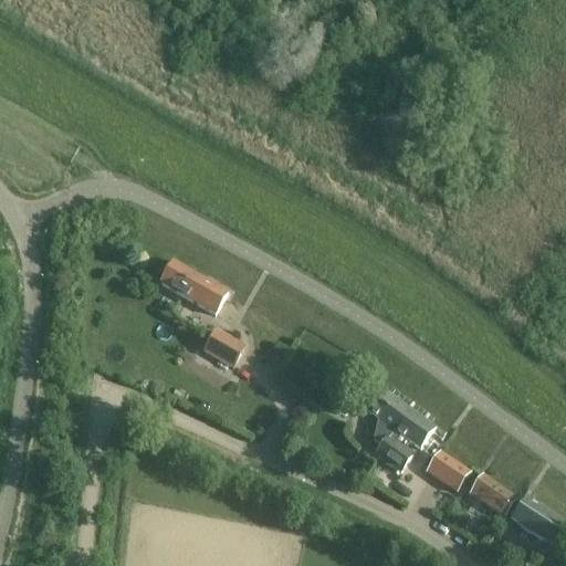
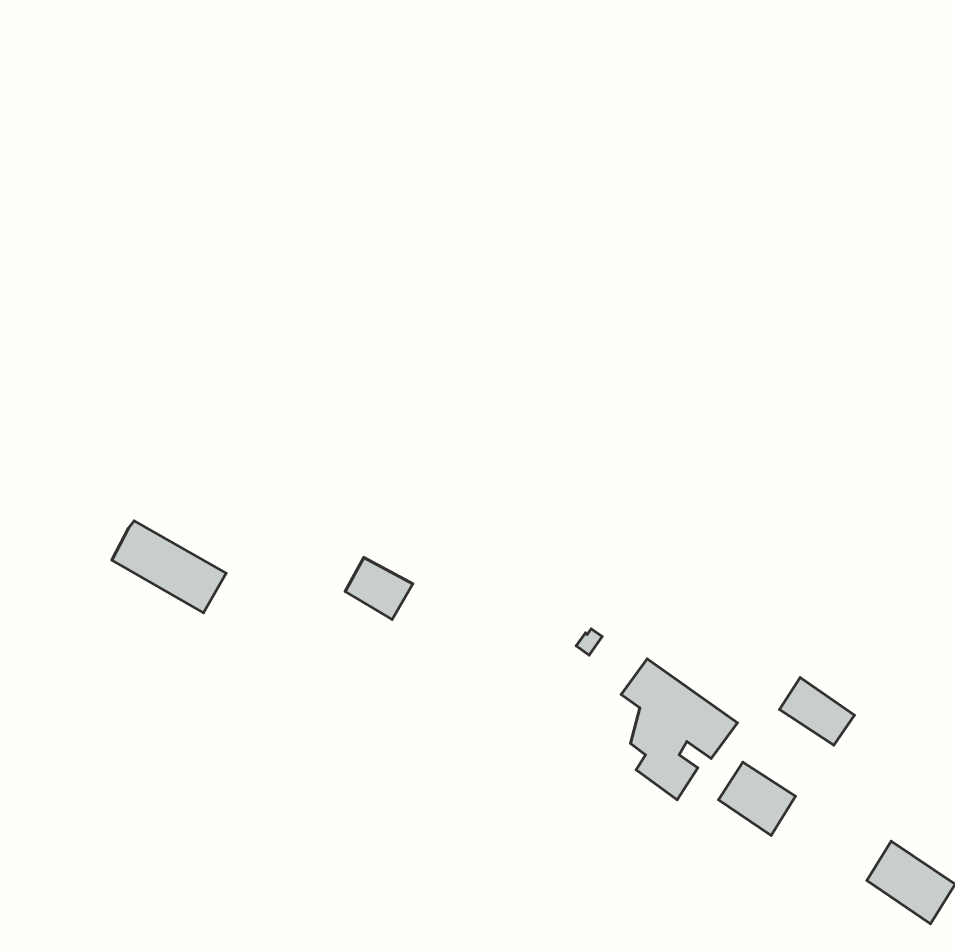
building: [159,259,227,313] -> [112,521,226,613]
building: [470,474,514,514] -> [780,678,855,745]

